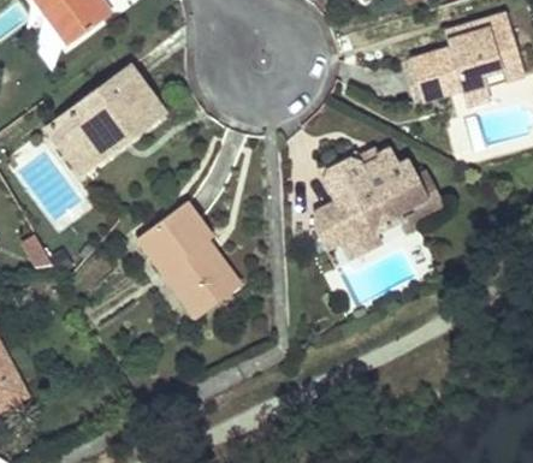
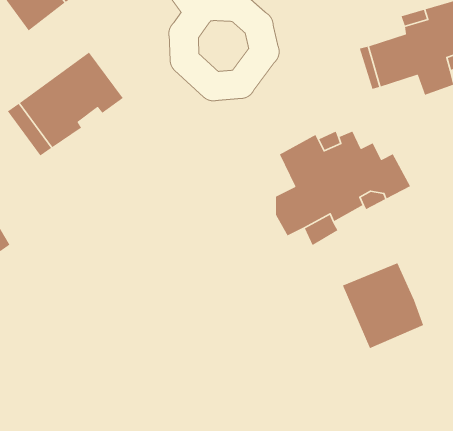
building: [137,200,232,315] -> none
building: none -> [342,262,424,349]

